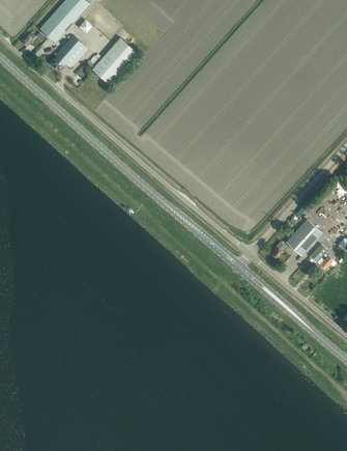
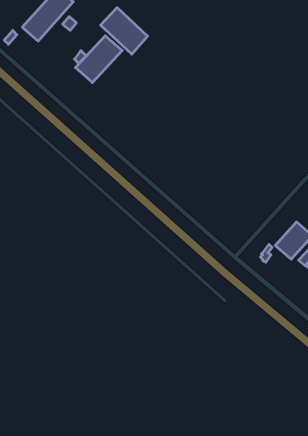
building: none -> [101,8,148,54]
building: [50,35,88,71] -> none

